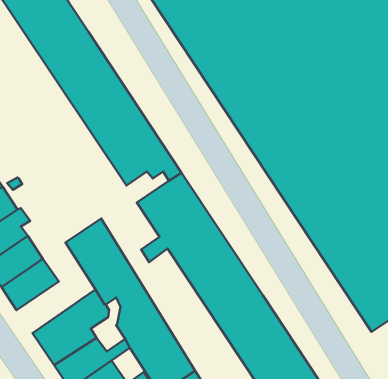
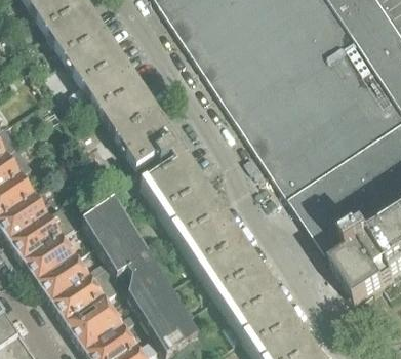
building: none -> [39,254,90,301]

